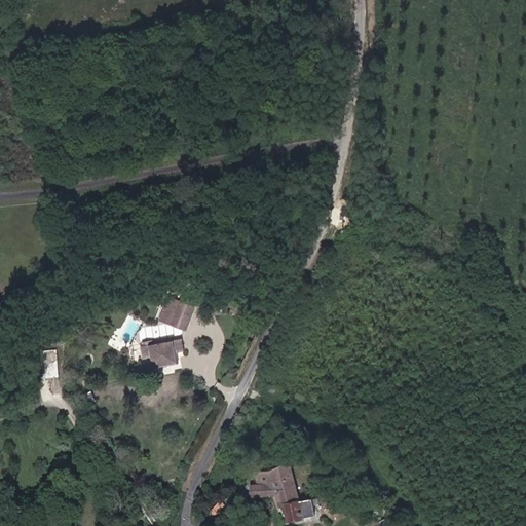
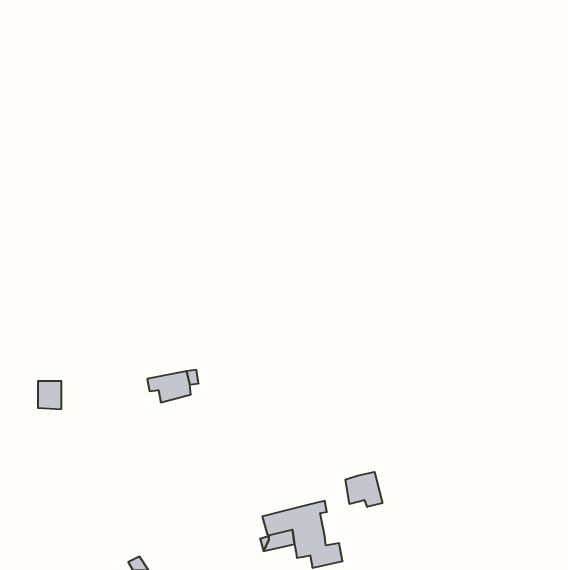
building: [158,296,195,330] -> none
building: none -> [346,472,382,507]

